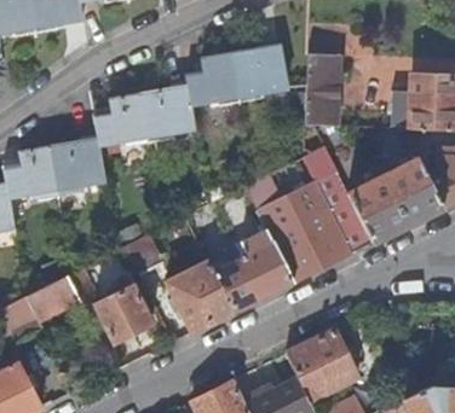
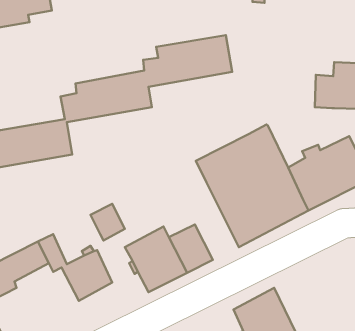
building: [306,51,340,124] -> none
building: [243,229,294,297] -> none

